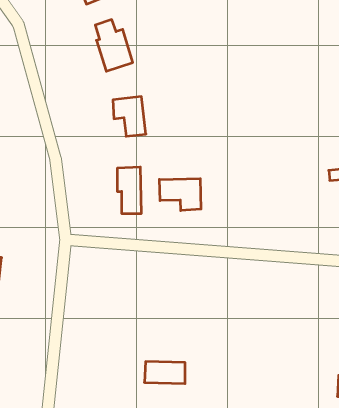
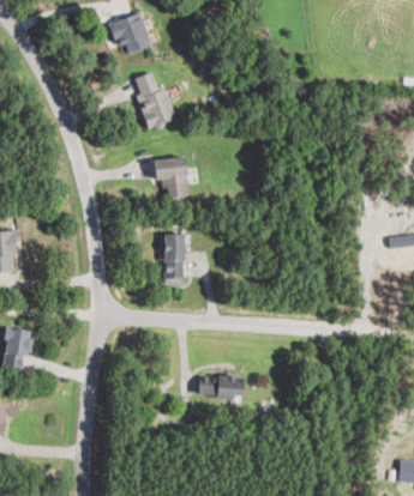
building: [159,179,201,211] -> none
building: [144,362,185,384] -> [198,375,242,399]

